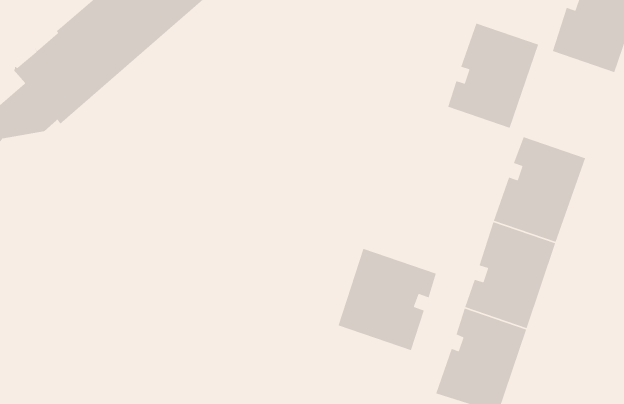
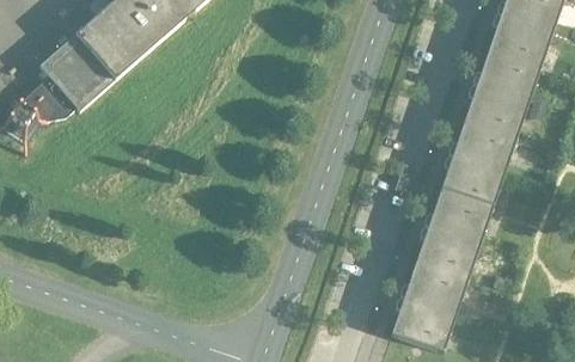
building: [447,22,539,129] -> [461,51,538,140]
building: [338,248,437,351] -> none

